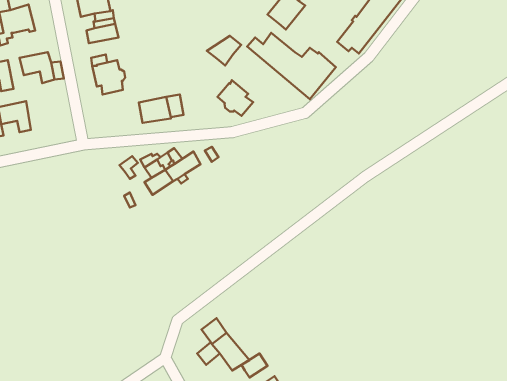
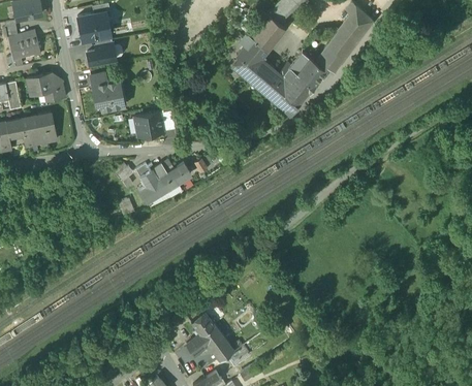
building: none -> [290,54,325,87]
building: [207,36,241,66] -> [231,39,262,66]
building: [218,80,253,116] -> none
building: none -> [33,115,55,143]

